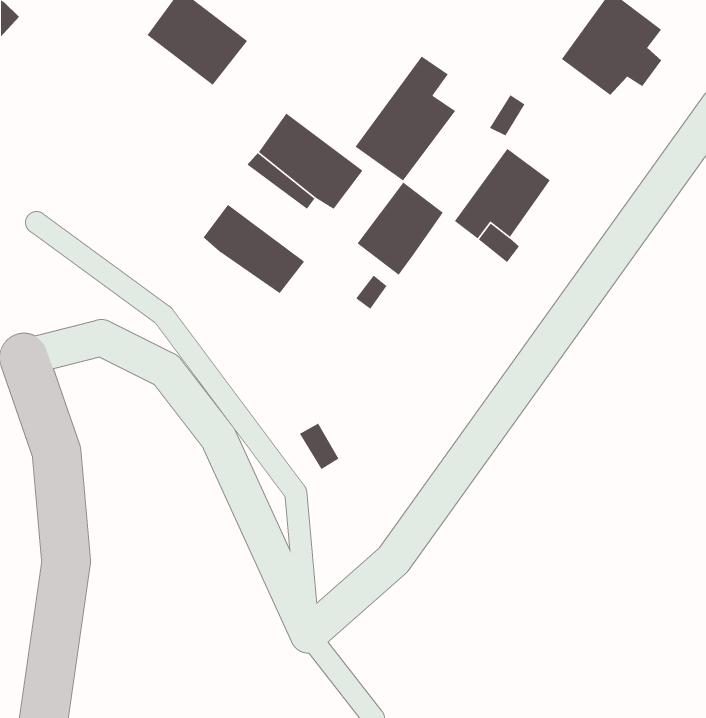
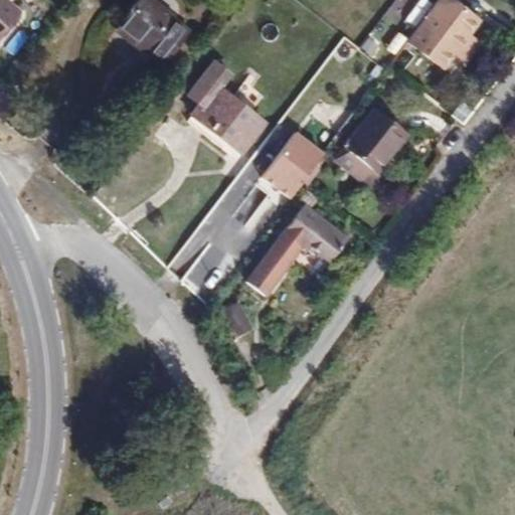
building: [355,55,456,182] -> none
building: [203,204,305,294] -> none
building: none -> [245,204,347,295]

